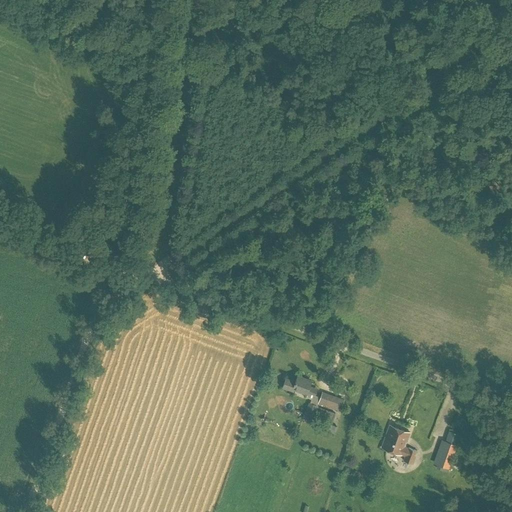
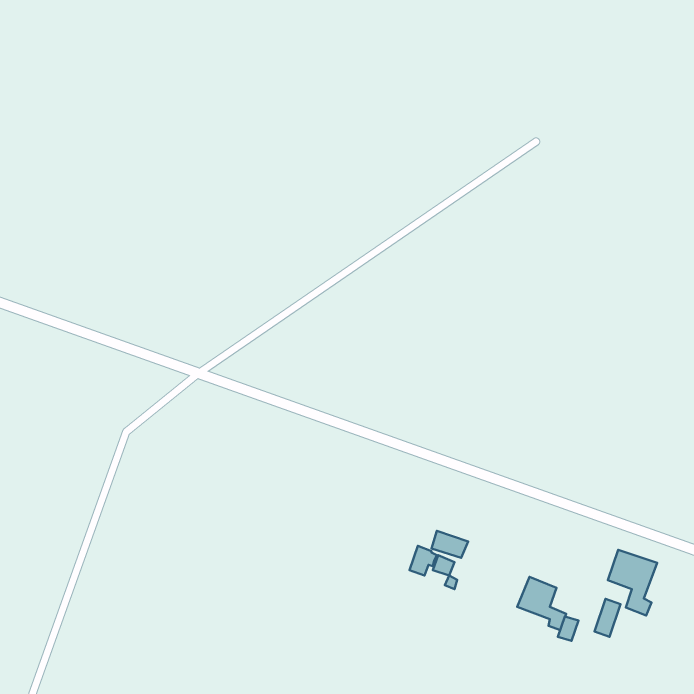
building: [282,374,316,394] -> none
building: none -> [608,550,657,616]

